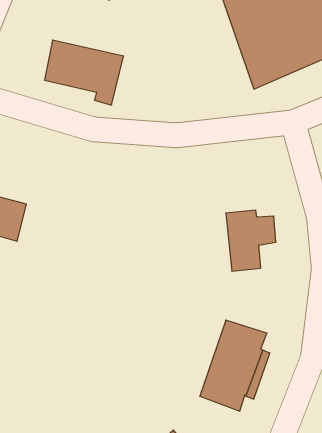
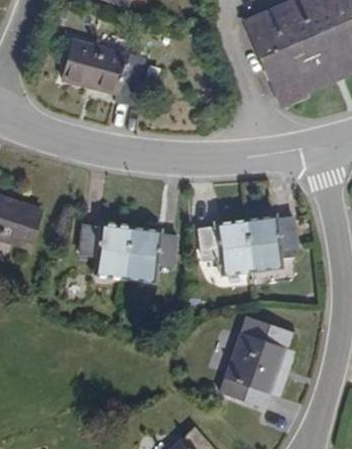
building: none -> [81,219,181,286]
building: none -> [200,221,252,283]

